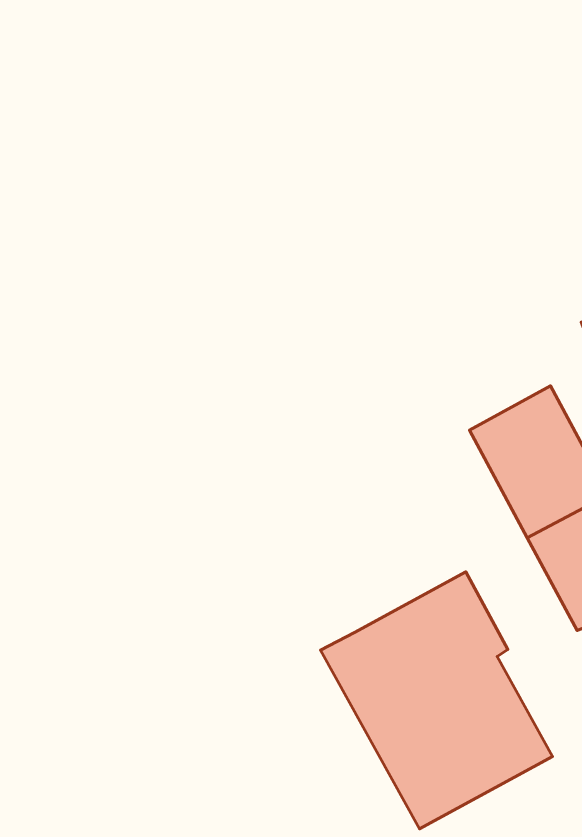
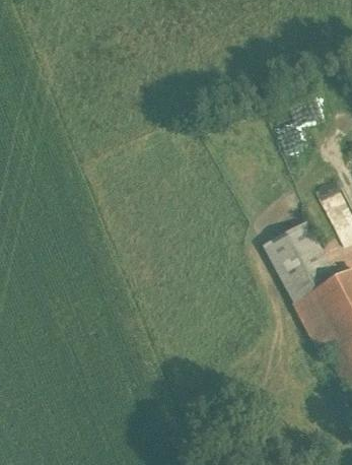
building: [321,572,552,829] -> none

